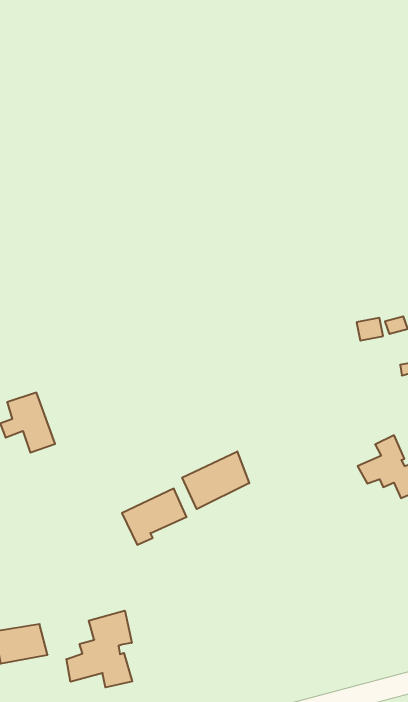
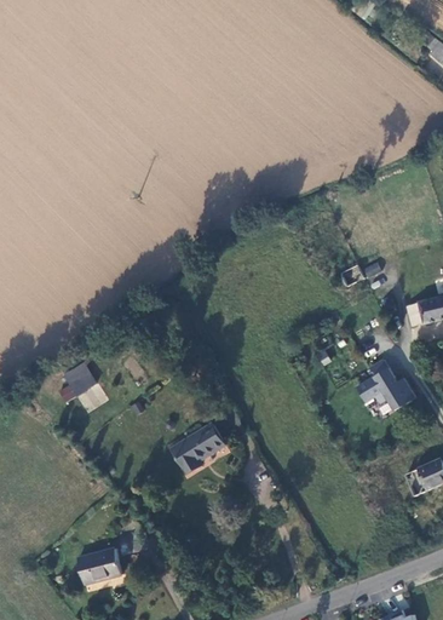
building: [182,451,249,509] -> none
building: [66,611,132,687] -> none

